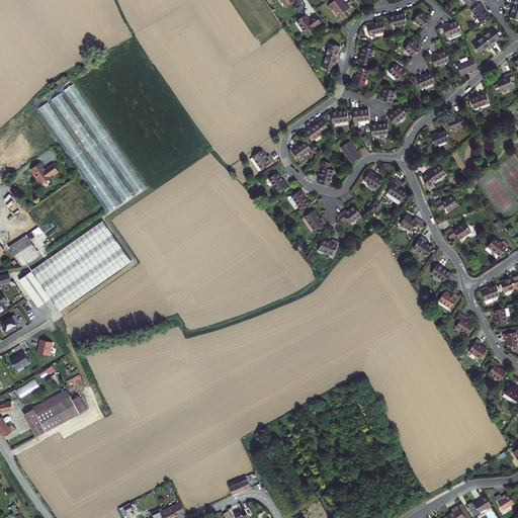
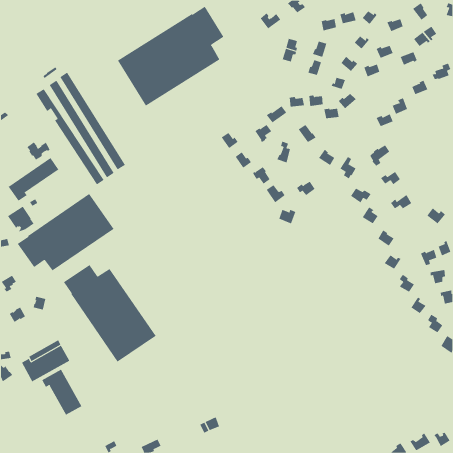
building: none -> [117,6,224,107]
building: none -> [8,157,59,202]
building: none -> [63,264,156,362]
building: none -> [41,369,82,416]

